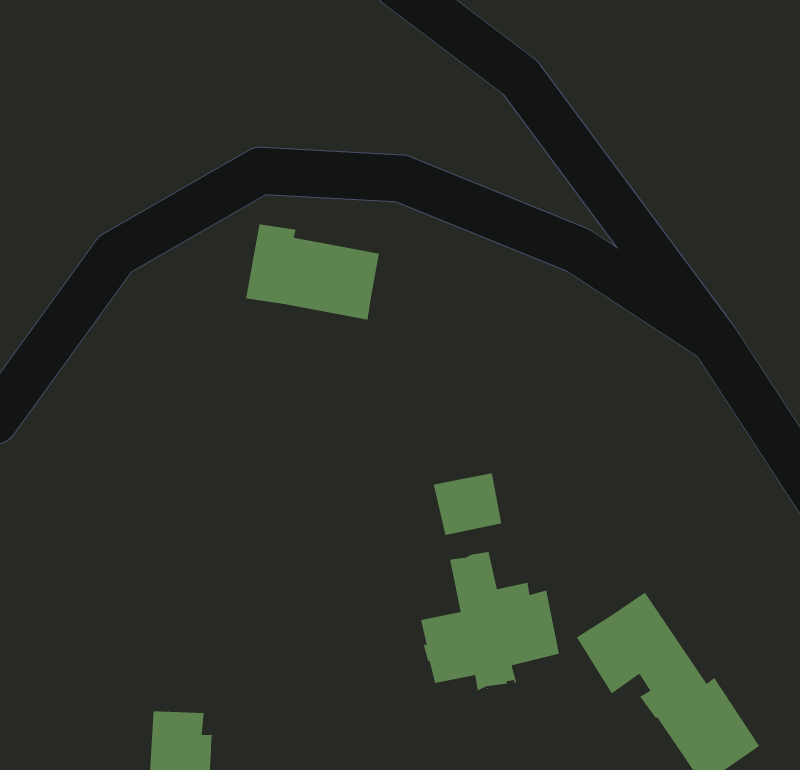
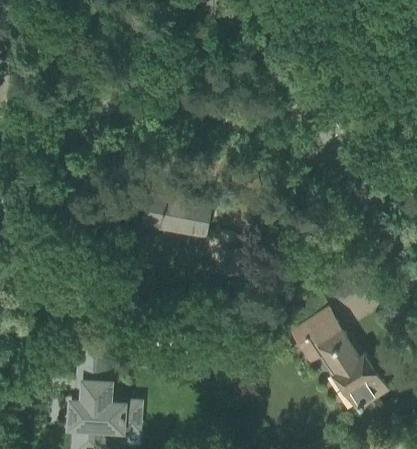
building: [245,223,380,321] -> [143,188,211,237]
building: [420,551,560,691] -> none

